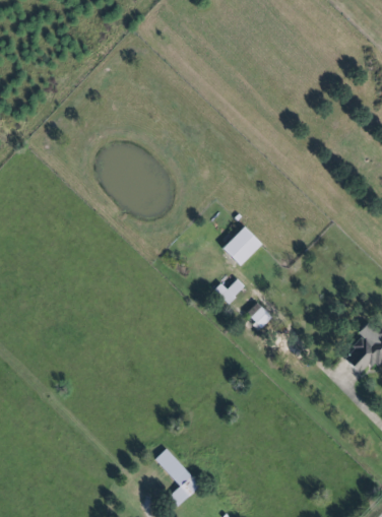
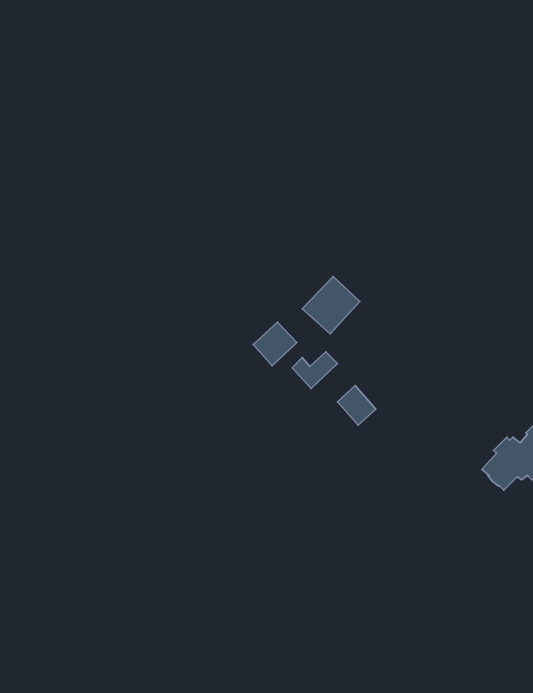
building: none -> [253,322,297,366]
building: [154,447,201,506] -> none

